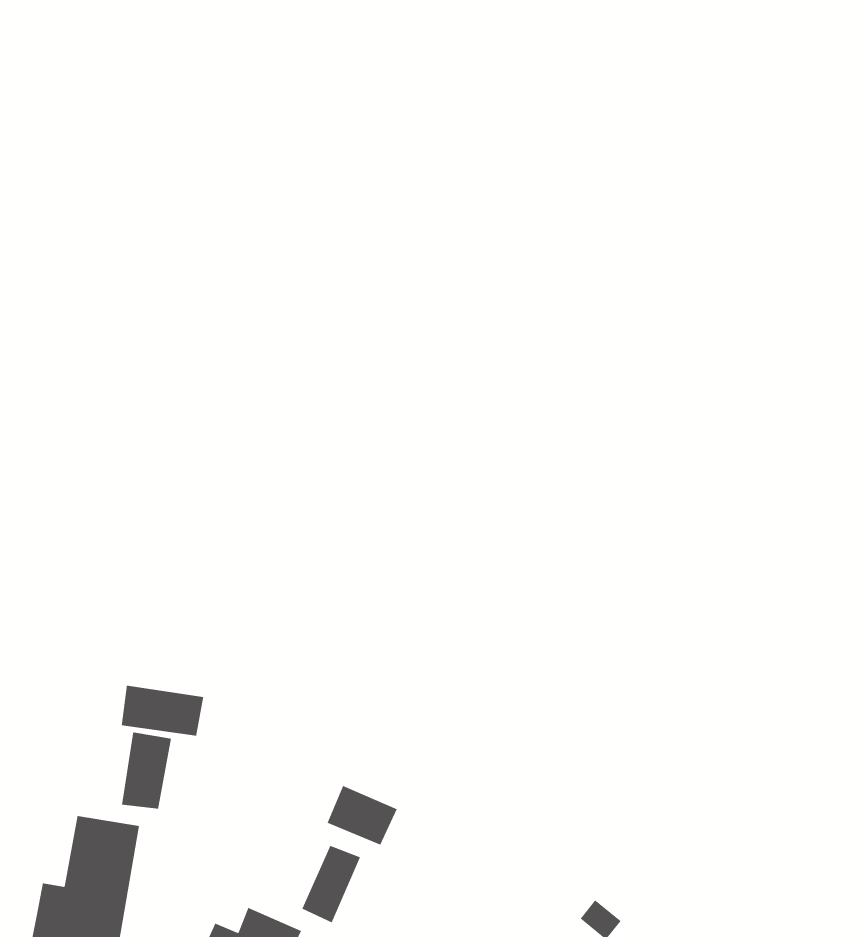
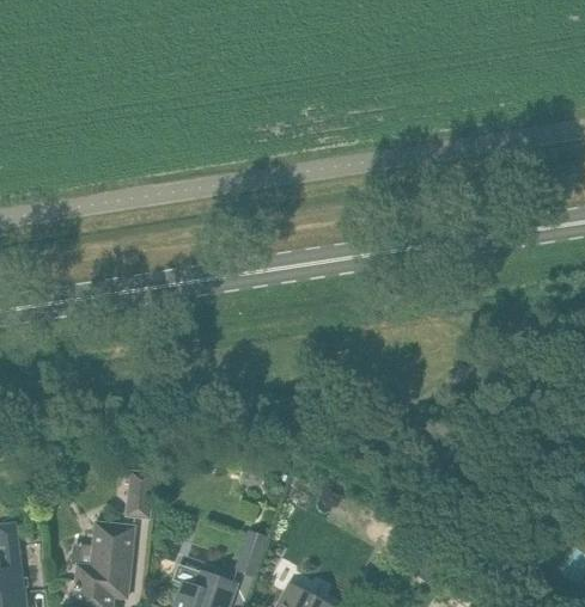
building: [121,685,204,737] -> none
building: [327,785,398,845] -> none

